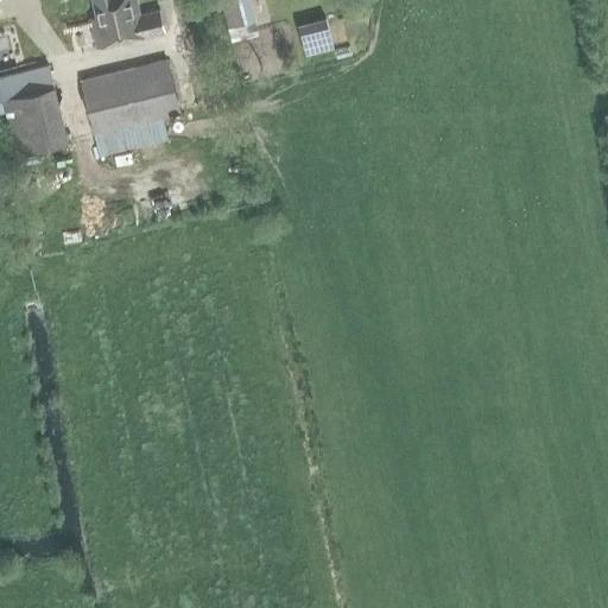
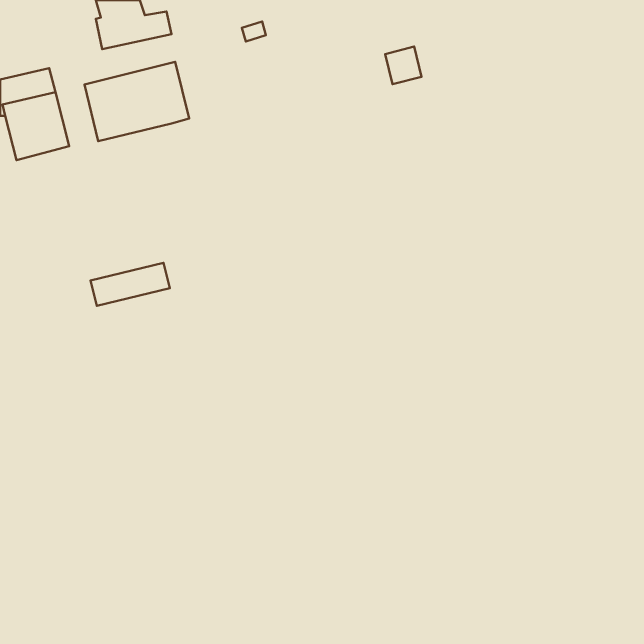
building: [298,18,332,53] -> [385,46,422,84]
building: [93,116,167,157] -> [90,263,170,306]

